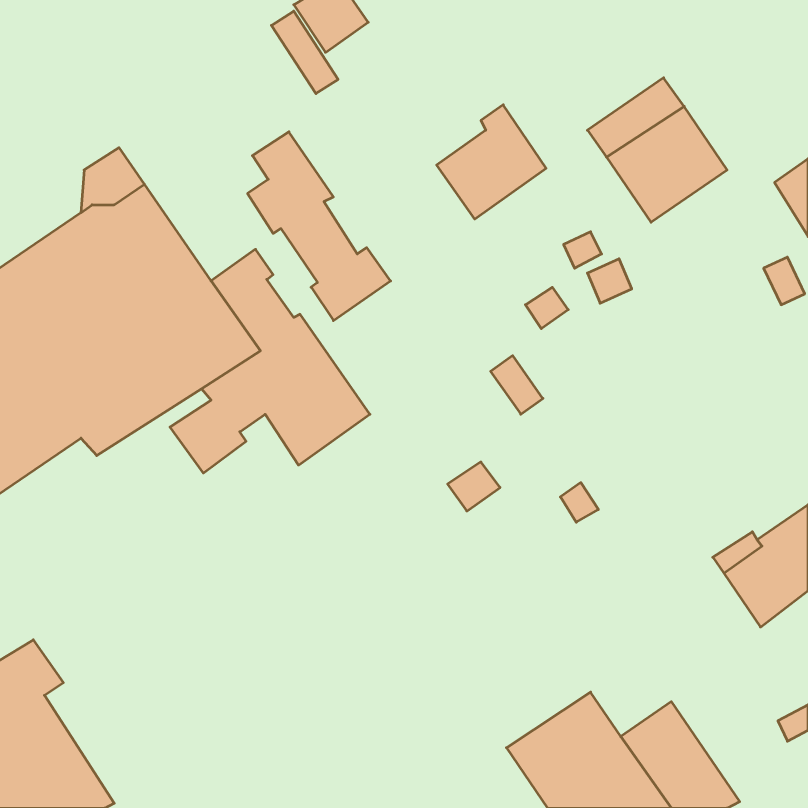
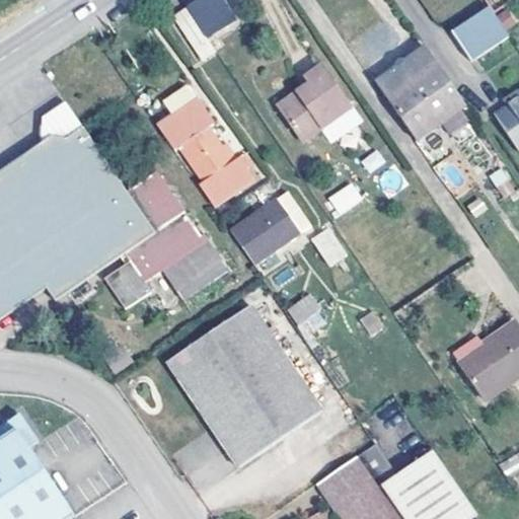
building: none -> [451,8,509,62]
building: none -> [230,191,312,266]
building: none -> [163,307,318,469]

